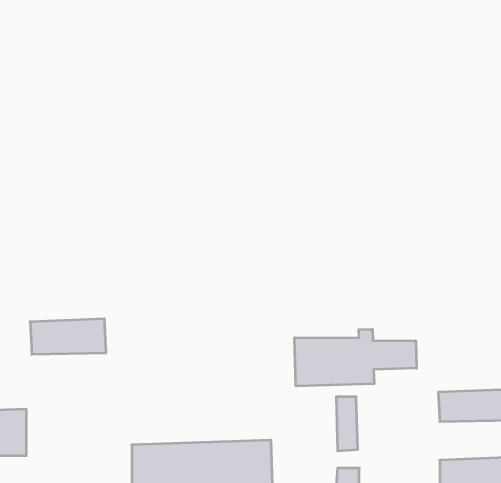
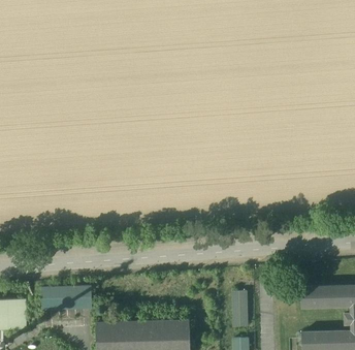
building: [30,319,106,354] -> [41,285,92,309]
building: [295,329,417,386] -> none

